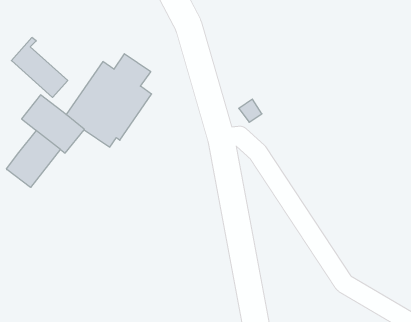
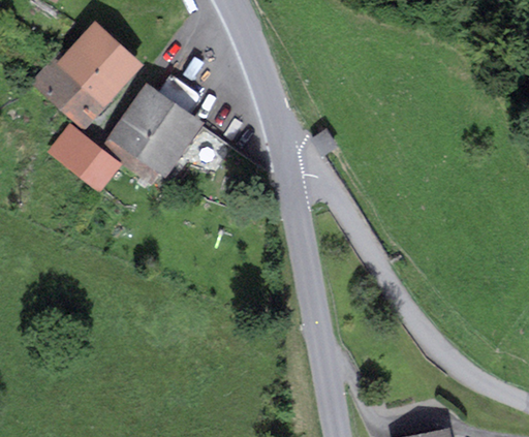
building: none -> [57,23,139,104]
building: [6,130,60,187] -> none

